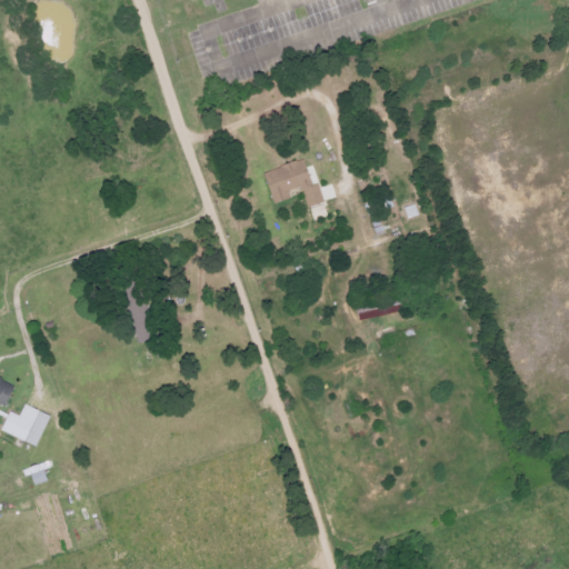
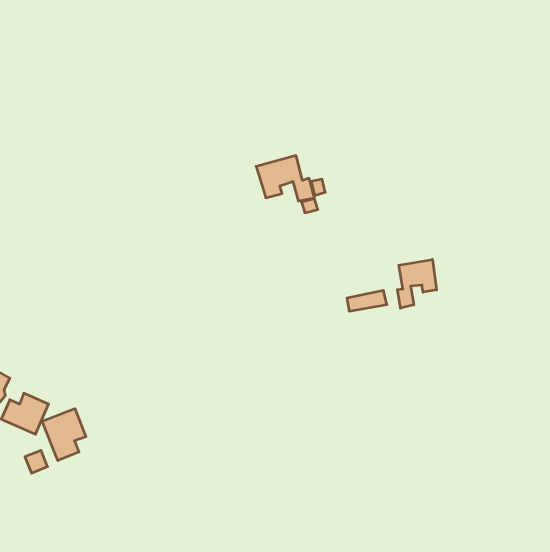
building: none -> [397,259,437,308]
building: none -> [42,409,86,461]

